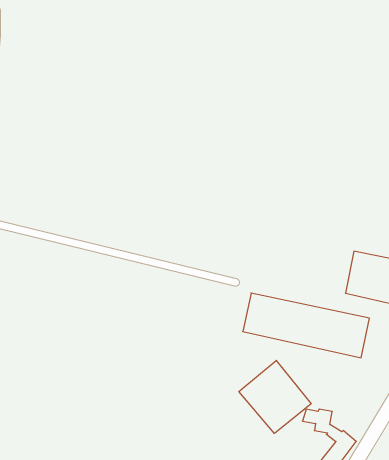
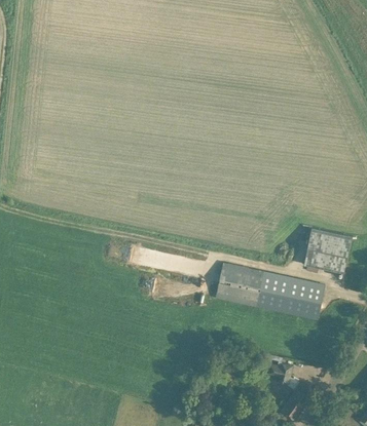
building: [239,360,311,433] -> none

